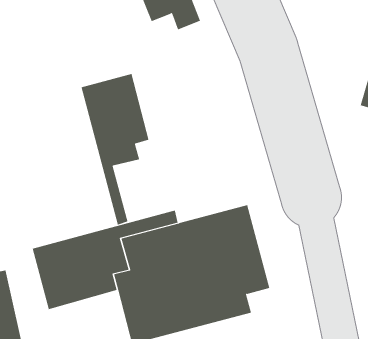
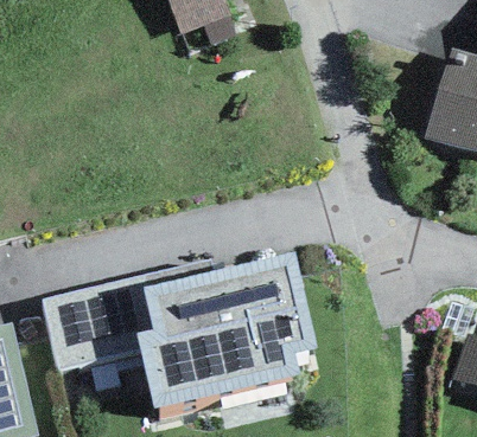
building: [81,73,149,225] -> none

